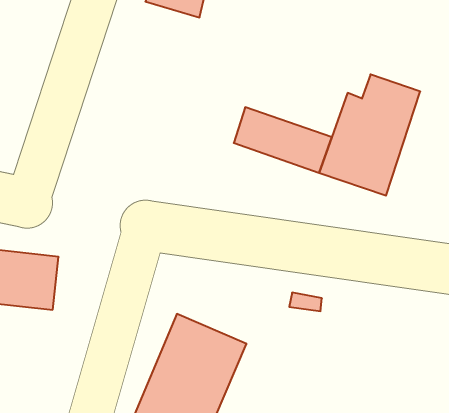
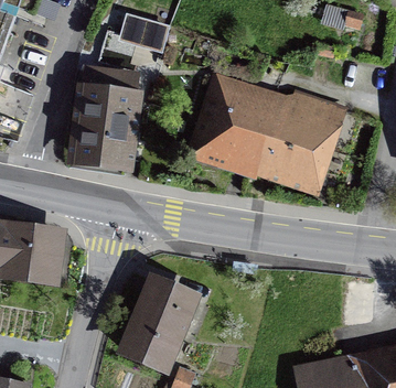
building: none -> [71,71,133,164]
building: none -> [200,82,279,139]

